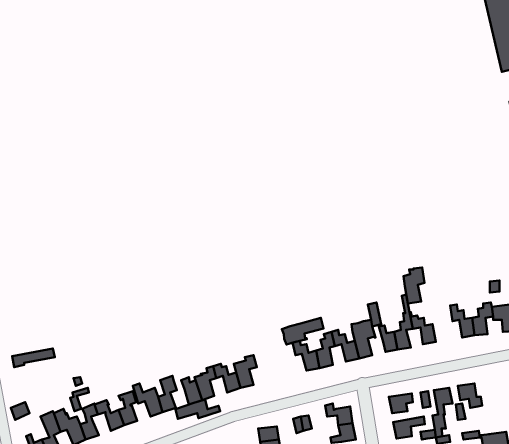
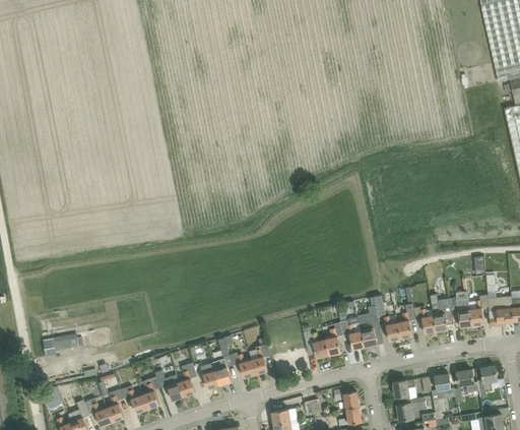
building: [404,267,424,304] -> [432,298,451,331]
building: [282,318,324,345] -> none
building: none -> [477,366,497,396]
building: [175,400,220,419] -> none

